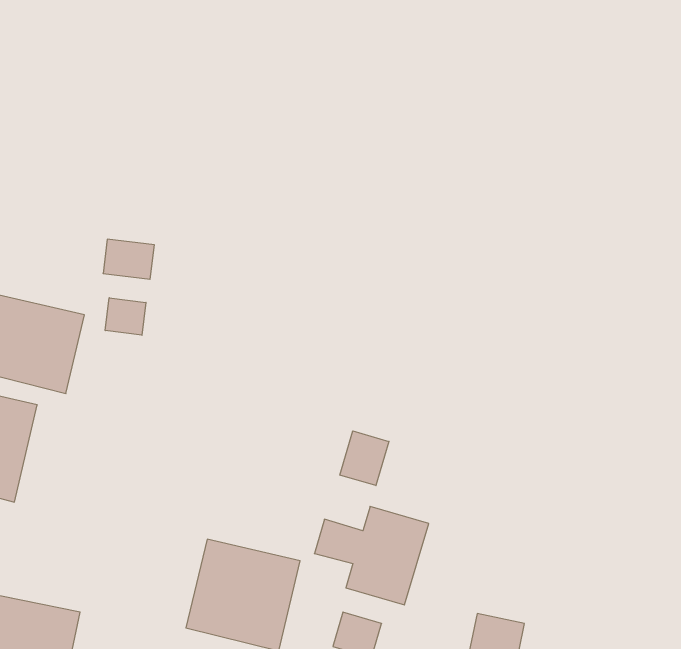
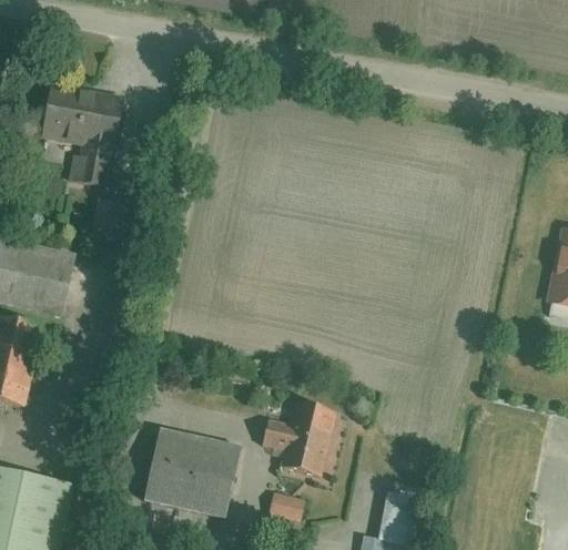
building: none -> [45,80,122,186]
building: [105,298,146,335] -> none
building: [340,431,389,486] -> none

